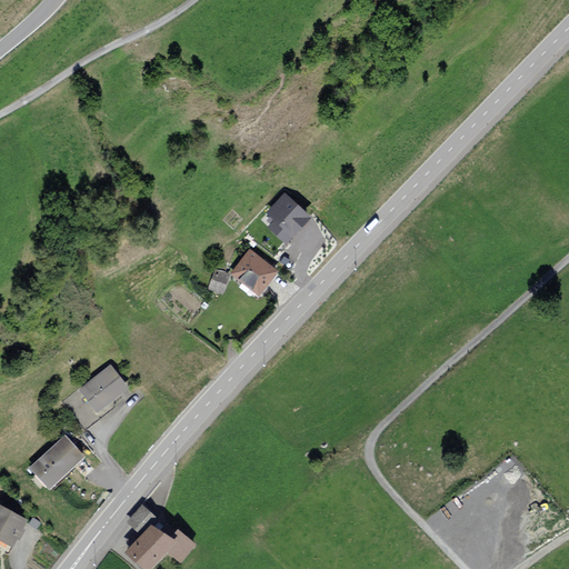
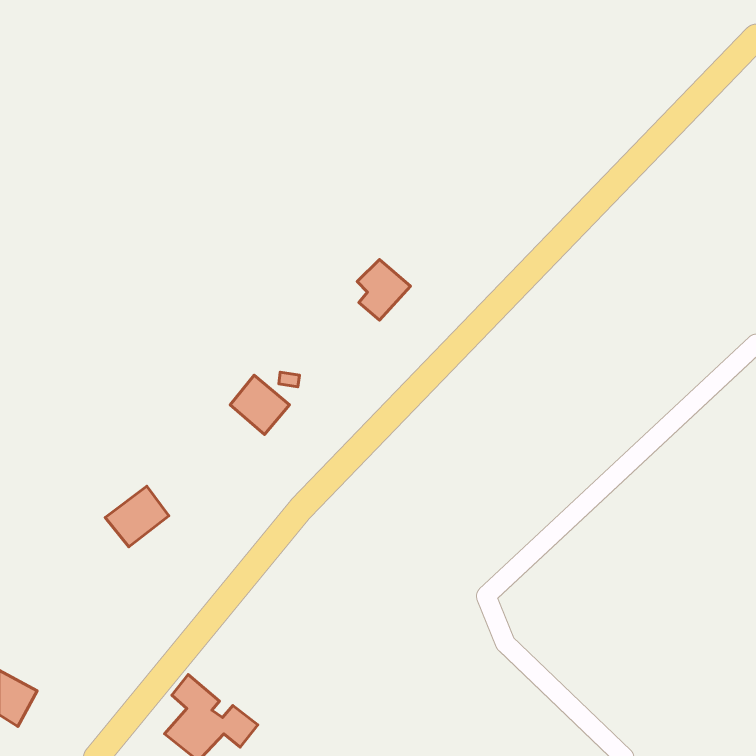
building: [231,249,276,293] -> [230,375,290,434]
building: [30,436,83,488] -> none

